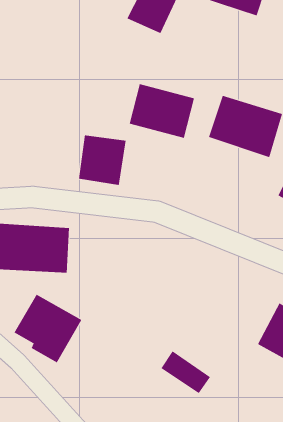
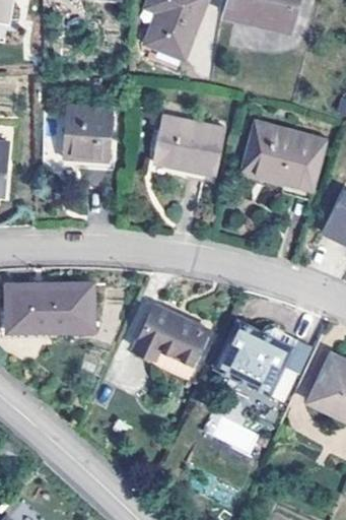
building: [78,135,126,186] -> [63,108,115,162]
building: none -> [216,321,312,401]
building: [13,294,82,363] -> [132,304,208,380]

